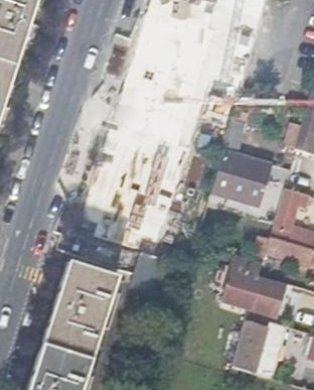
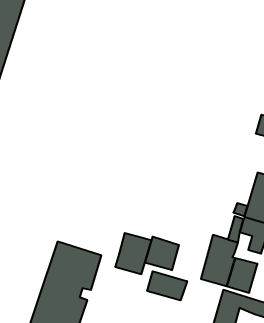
building: [215,149,280,208] -> none
building: none -> [145,237,179,270]
building: none -> [147,271,187,300]

